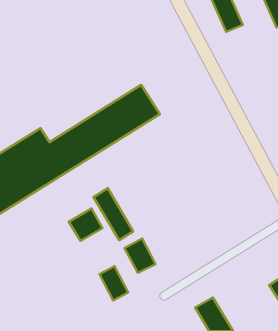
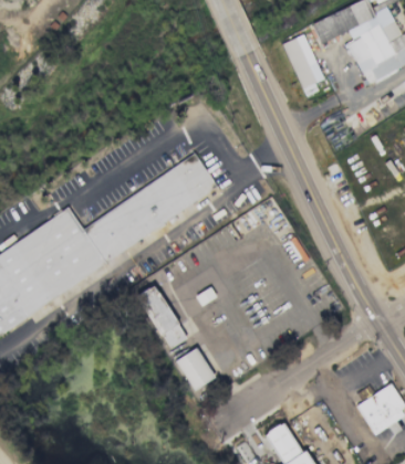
building: [69,208,103,241] -> none
building: [100,266,128,301] -> none

